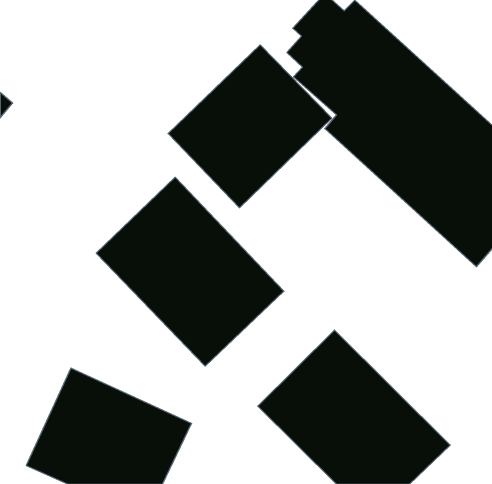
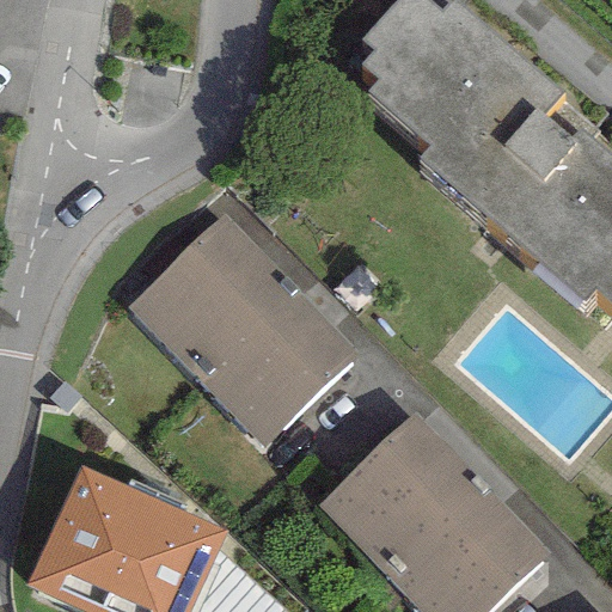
building: [168,45,332,208] -> none

